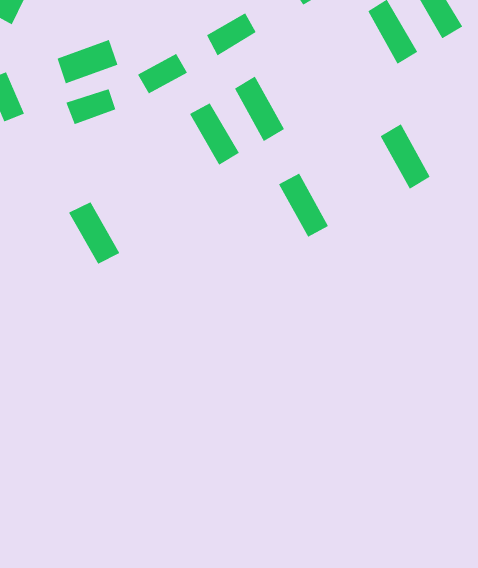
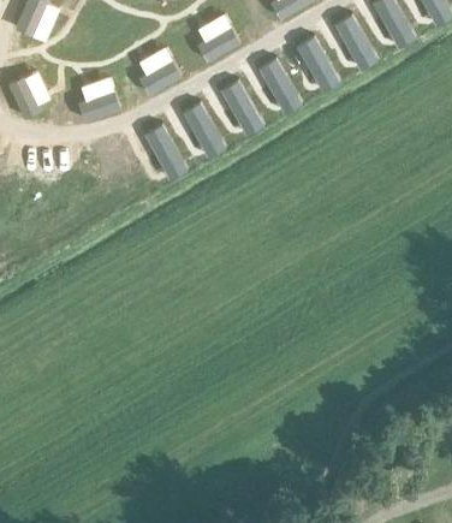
building: [57,39,118,84] -> none
building: [380,124,431,190] -> [296,35,339,91]
building: [278,173,329,238] -> [258,58,302,113]
building: [68,201,120,265] -> [143,124,188,178]

